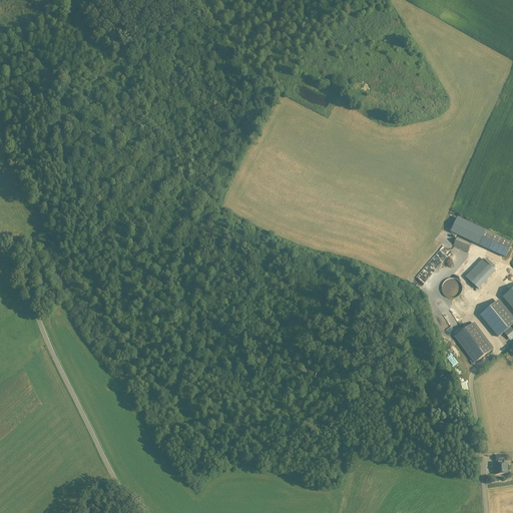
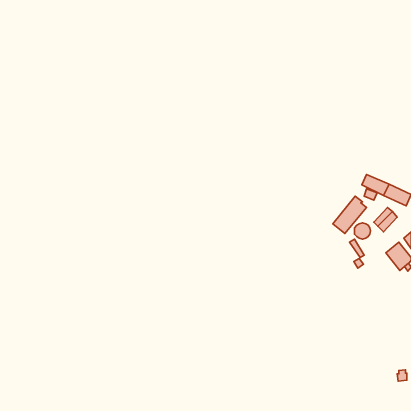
building: [453,322,491,361] -> none

